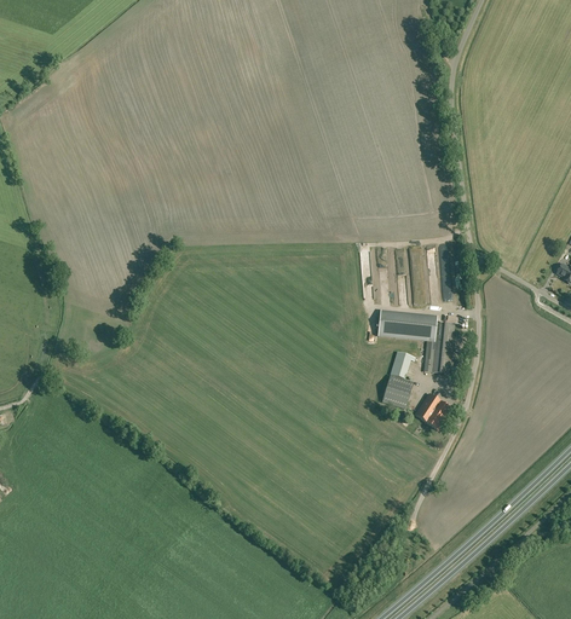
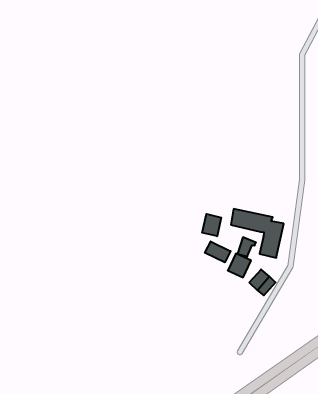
building: none -> [202,214,221,236]
building: none -> [205,241,231,262]

